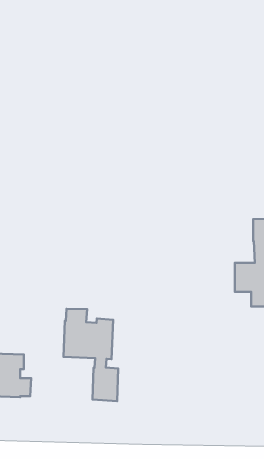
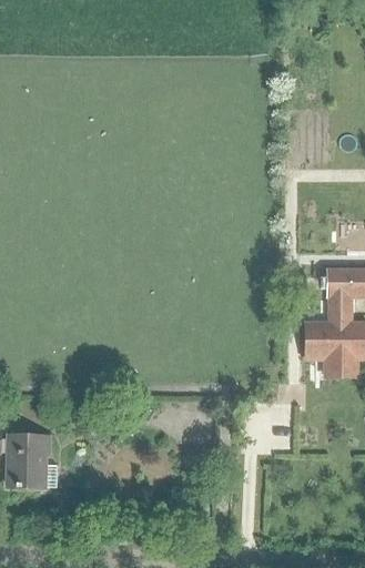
building: [63,309,118,401] -> none

